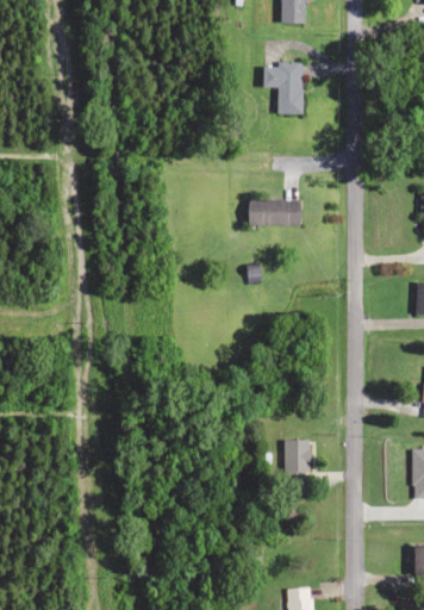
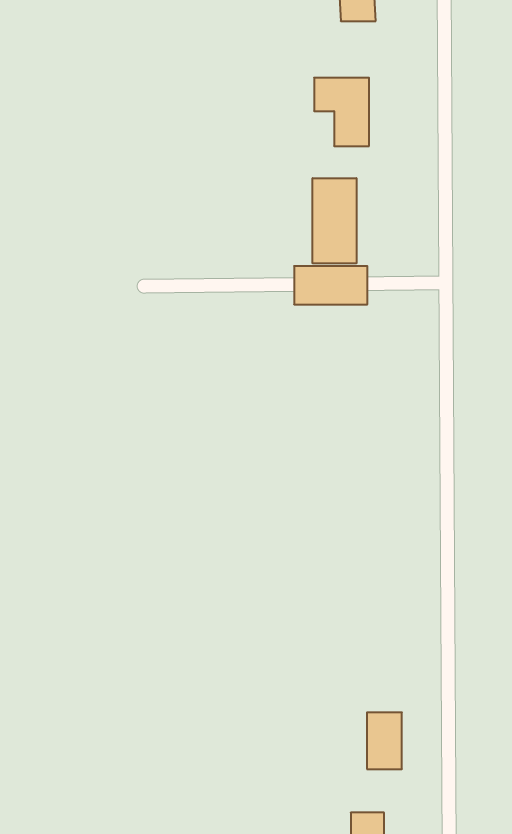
building: none -> [313,178,356,263]
building: [285,441,310,481] -> [367,712,402,769]

